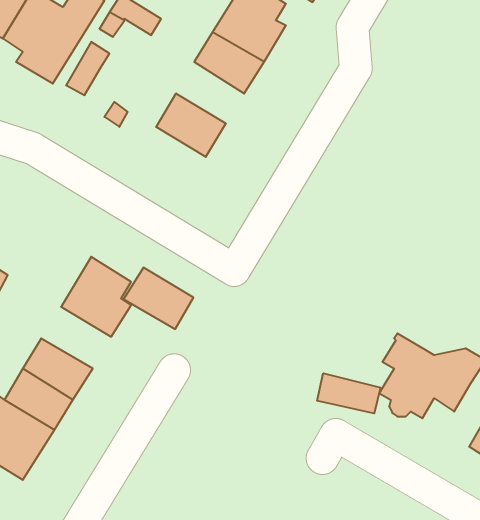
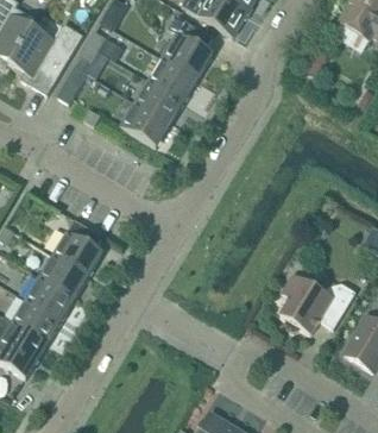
building: none -> [134,79,183,123]
building: [123,268,193,329] -> [38,253,88,297]
building: [317,373,381,413] -> none

